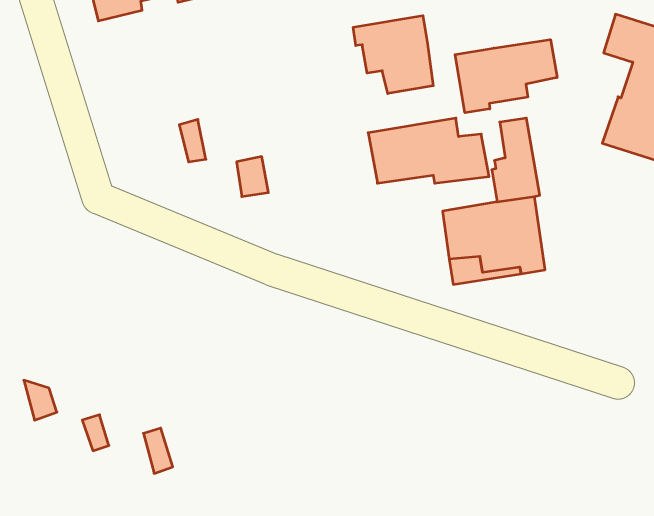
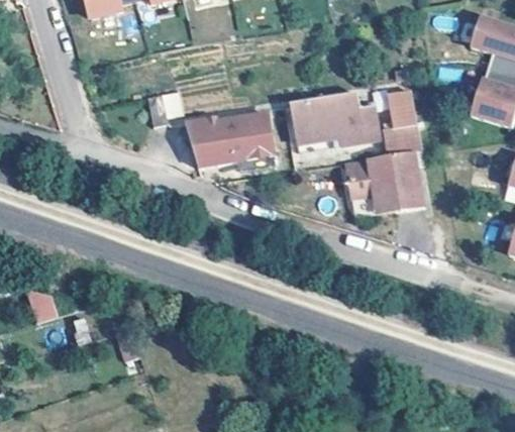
building: [353,16,433,94] -> none
building: [455,40,557,113] -> none
building: none -> [219,114,275,163]

